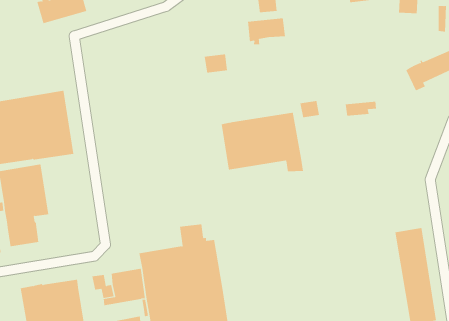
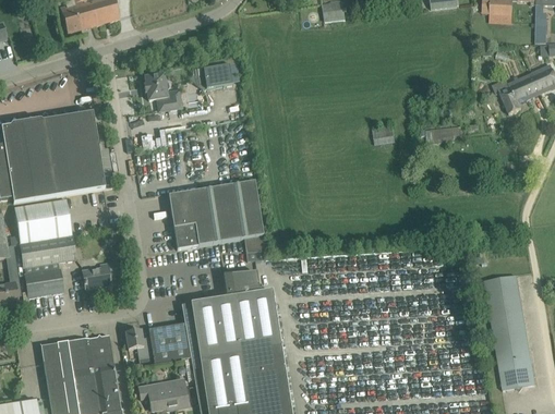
building: [247,18,286,45] -> none
building: [204,54,228,73] -> [203,64,231,87]
building: none -> [144,73,181,109]
building: [221,112,304,172] -> [168,180,266,251]
building: none -> [83,260,118,288]

